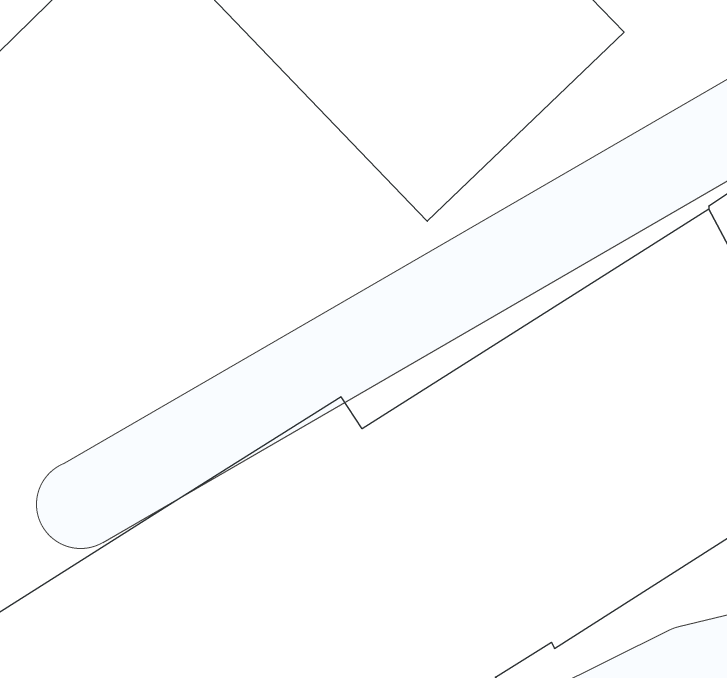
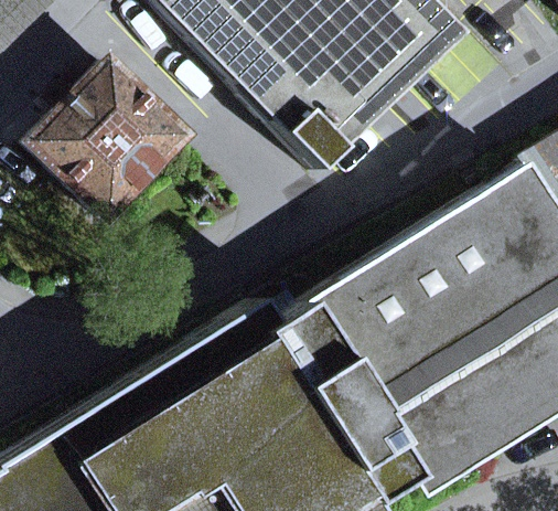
building: none -> [34,61,193,219]

